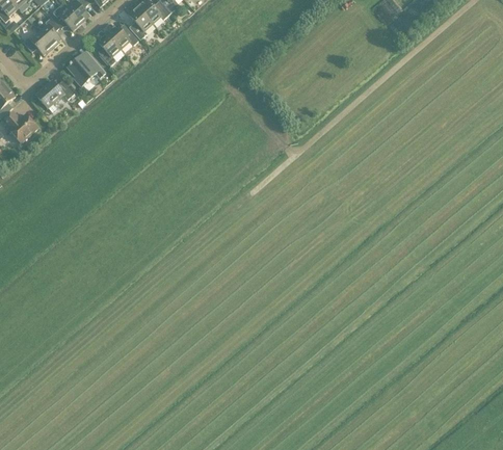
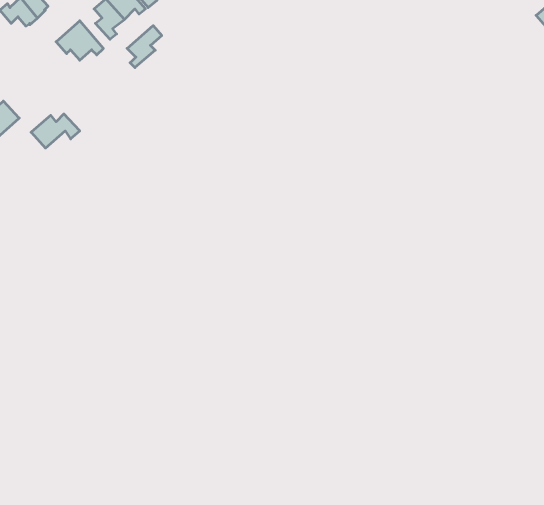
building: none -> [127,26,162,68]
building: [37,77,76,104] -> [31,114,80,148]

